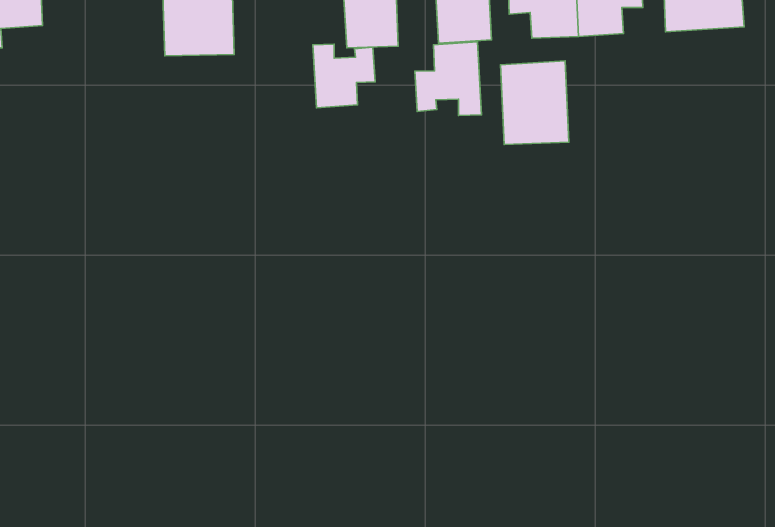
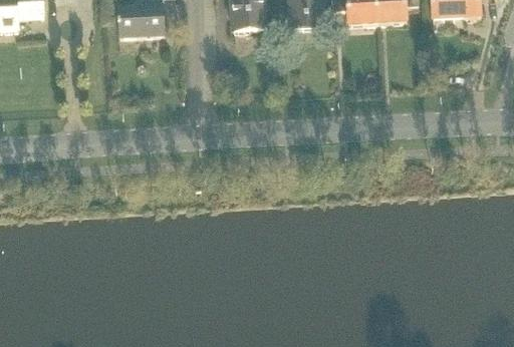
building: [415,42,481,116] -> none
building: [313,44,375,108] -> none
building: [501,61,569,145] -> none

